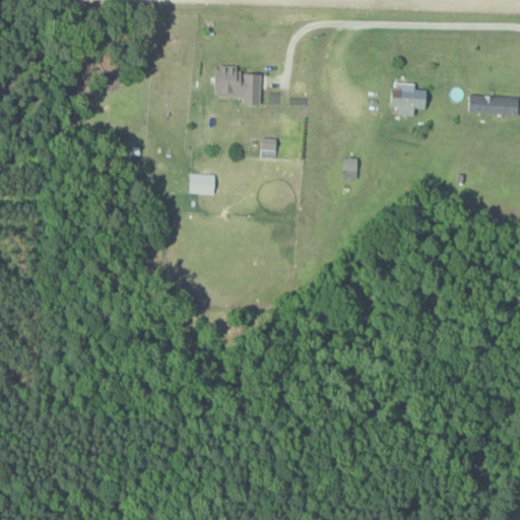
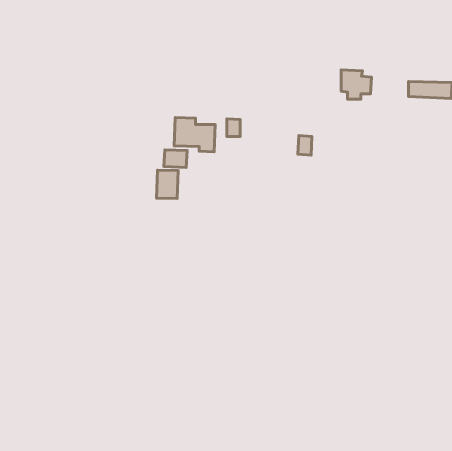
building: [214,65,261,105] -> [174,117,215,152]
building: none -> [156,170,178,199]

